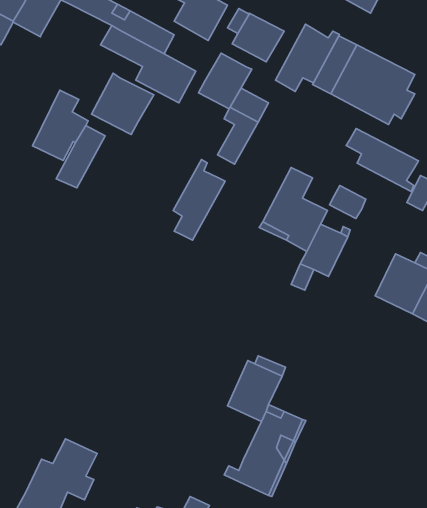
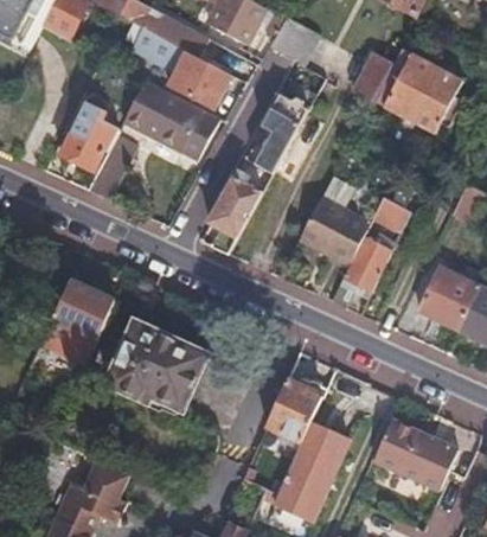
building: [276,24,339,92] -> none
building: [198,53,252,109] -> [165,101,220,159]
building: [346,128,418,191] -> none
building: none -> [41,281,114,363]
building: none -> [104,321,207,411]
building: none -> [372,418,457,490]

